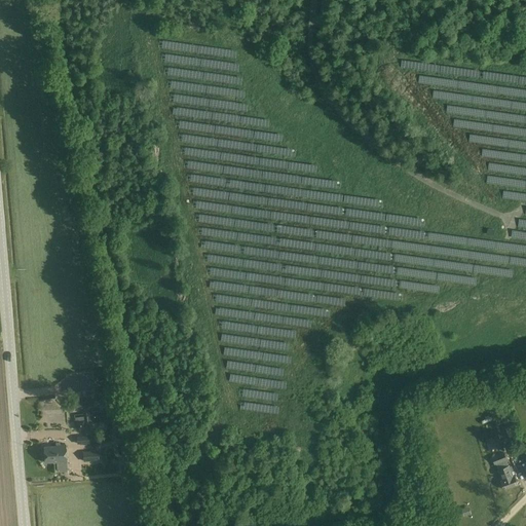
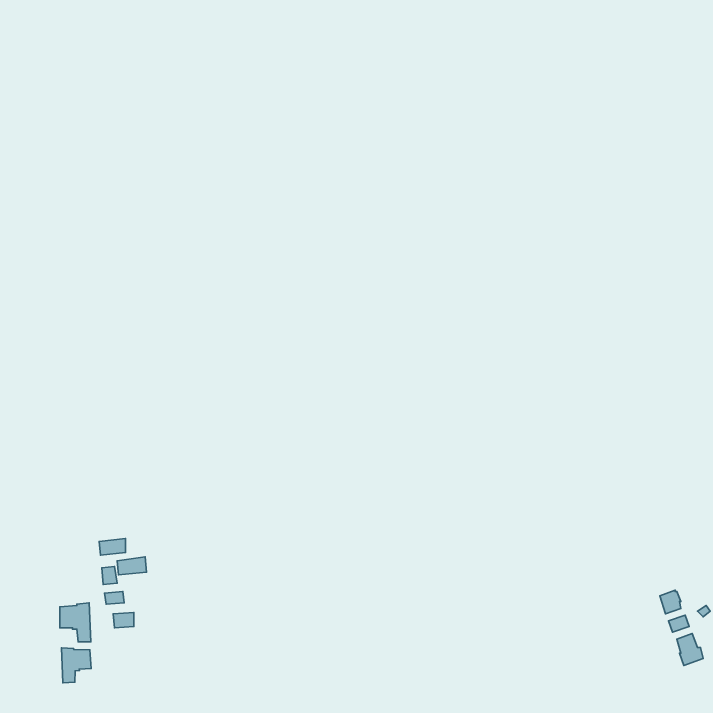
building: none -> [61,648,91,683]

